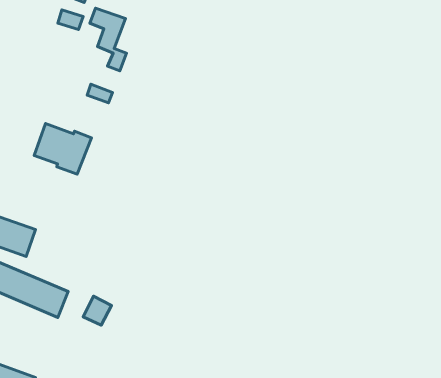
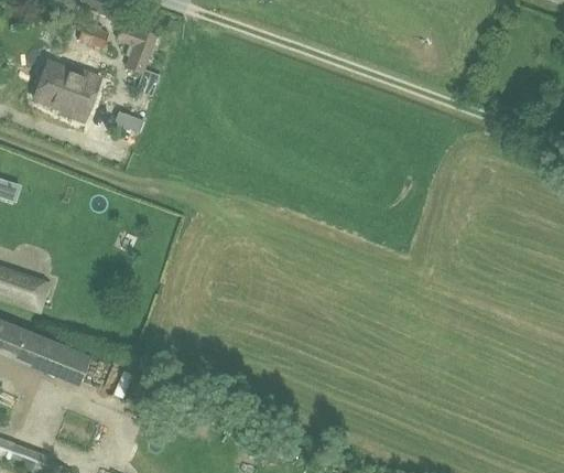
building: [34,124,91,174] -> [31,61,98,120]

